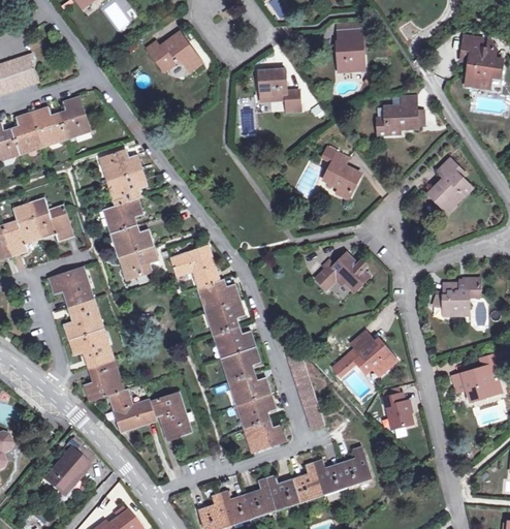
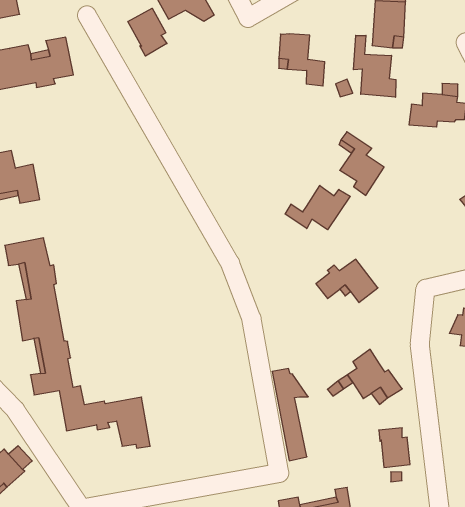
building: none -> [128,8,167,56]
building: none -> [353,35,396,97]
building: [99,151,158,281] -> none
building: none -> [285,185,350,230]
building: [170,248,286,453] -> none

